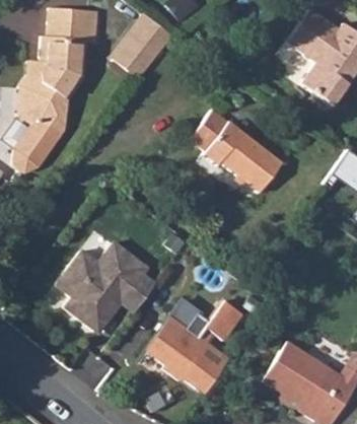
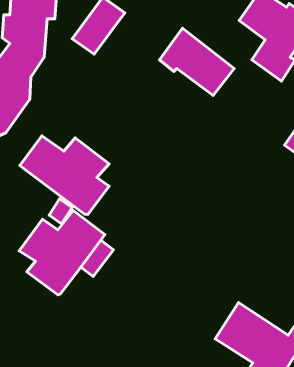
building: [203,120,282,191] -> [159,28,234,95]
building: none -> [20,136,109,215]
building: [145,299,242,393] -> none

